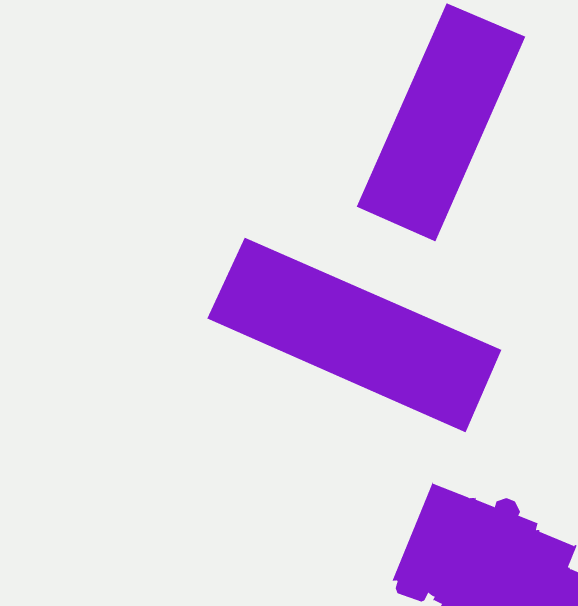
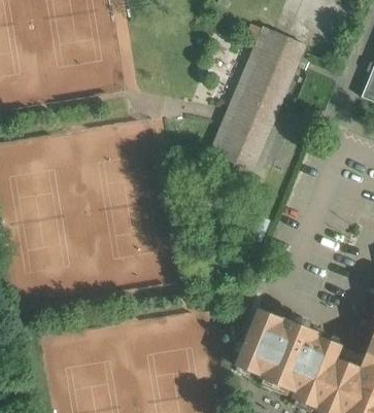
building: [207,237,502,433] -> none

